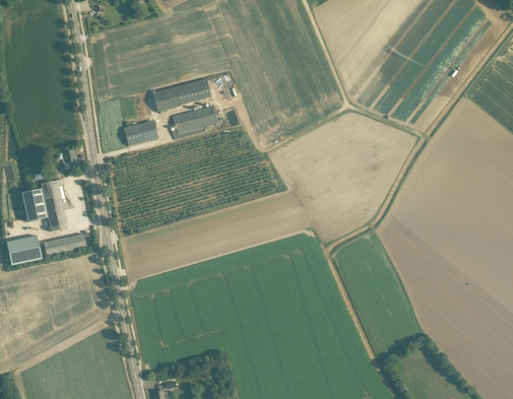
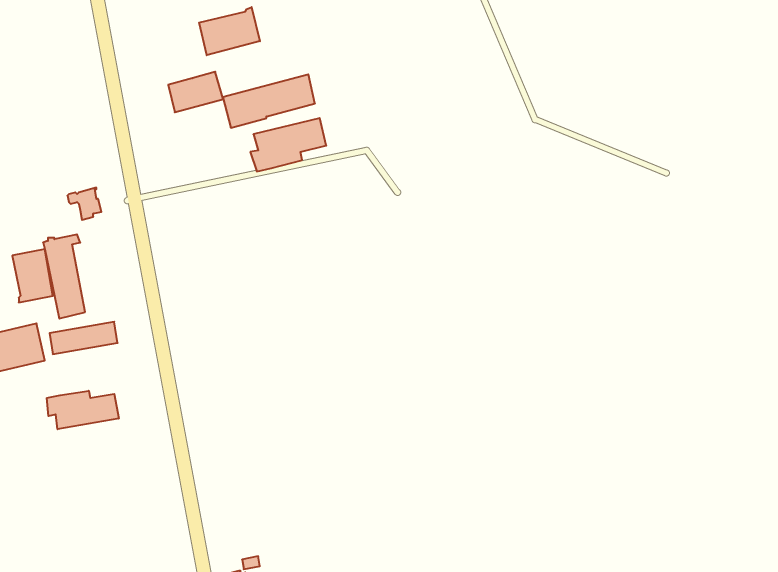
building: none -> [199,7,260,55]
building: [124,120,158,145] -> [168,72,223,112]
building: none -> [47,391,119,429]

